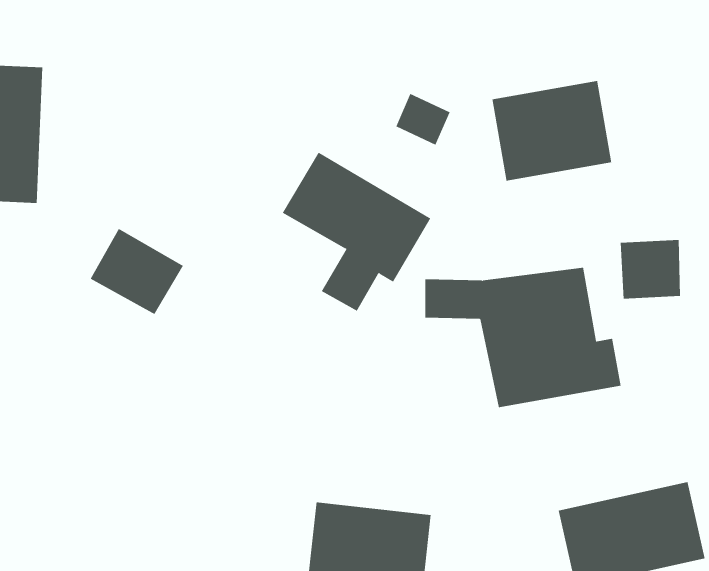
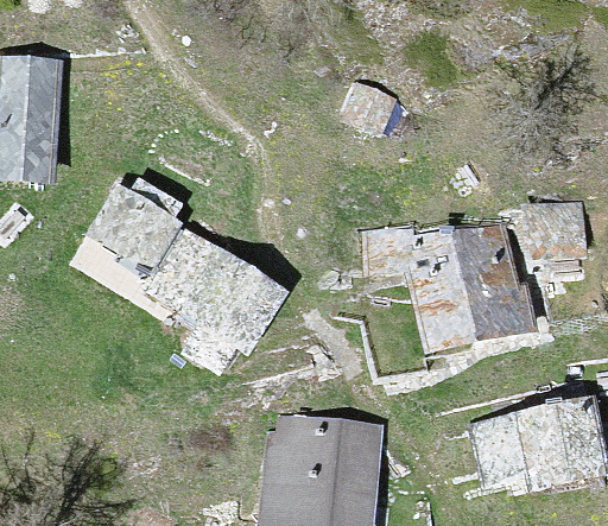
building: [492,80,612,181] -> none
building: [282,152,431,311] -> [157,233,279,363]

